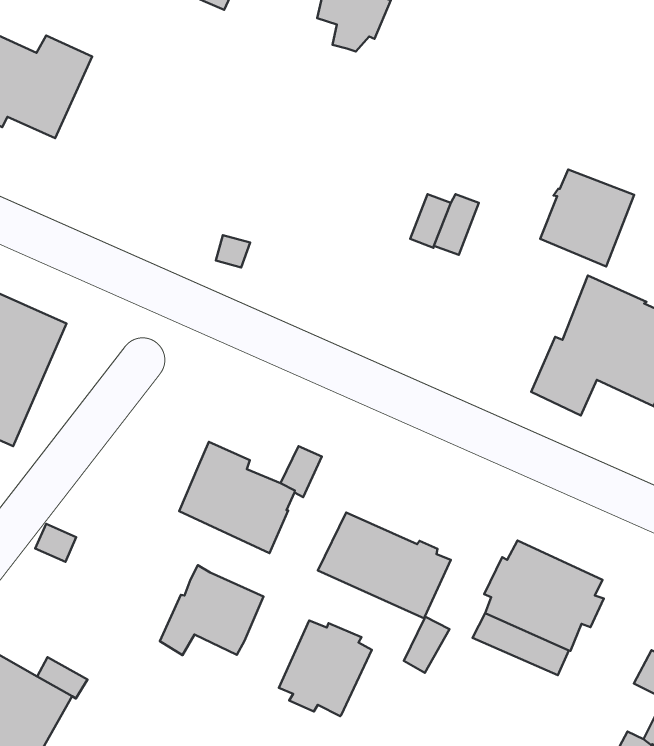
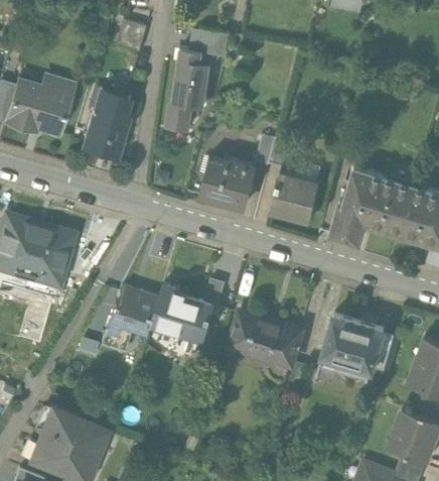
building: none -> [167,48,208,129]
building: none -> [81,89,131,157]
building: [540,169,634,266] -> [271,172,318,222]
building: none -> [200,158,256,204]
building: [160,565,263,655] -> [106,286,158,336]
building: [279,620,372,716] -> none

